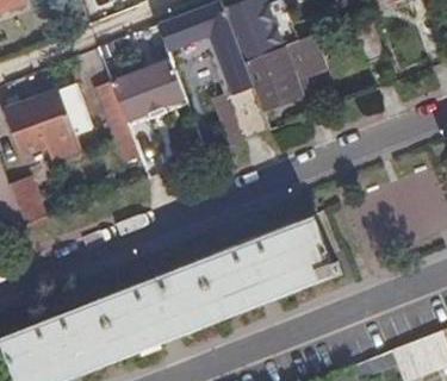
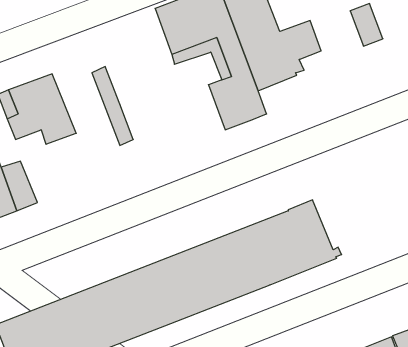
building: [111,61,182,119] -> none

